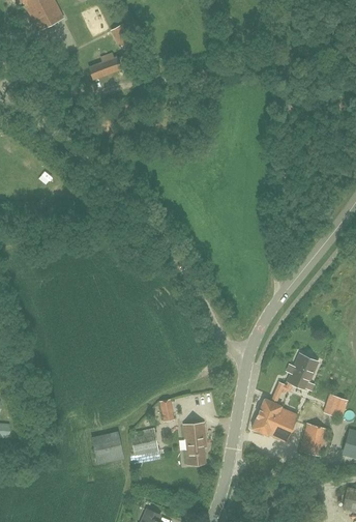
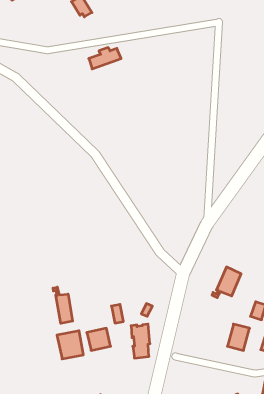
building: [88,53,127,79] -> [89,48,121,69]
building: none -> [53,287,73,323]
building: [251,382,297,441] -> none

